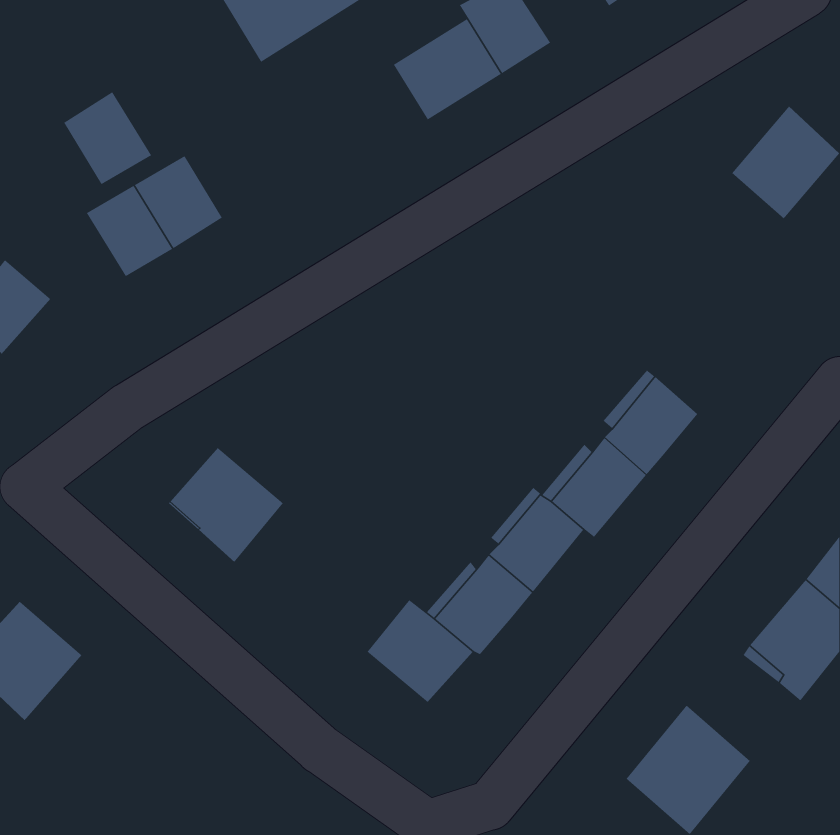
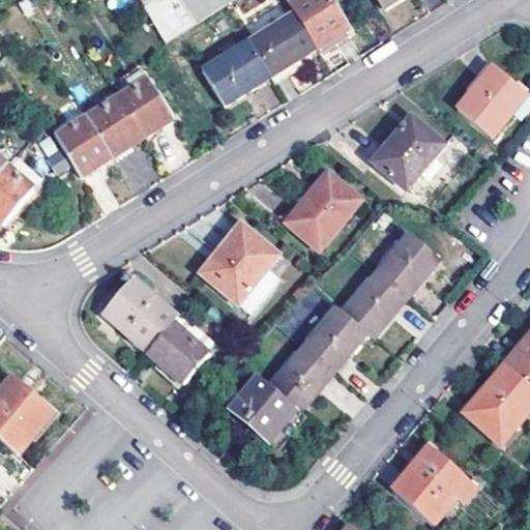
building: none -> [201,40,268,104]
building: [63,91,152,185] -> [116,78,172,137]
building: none -> [372,112,444,186]
building: none -> [285,172,357,245]
building: none -> [202,227,283,318]
building: none -> [147,313,213,383]

